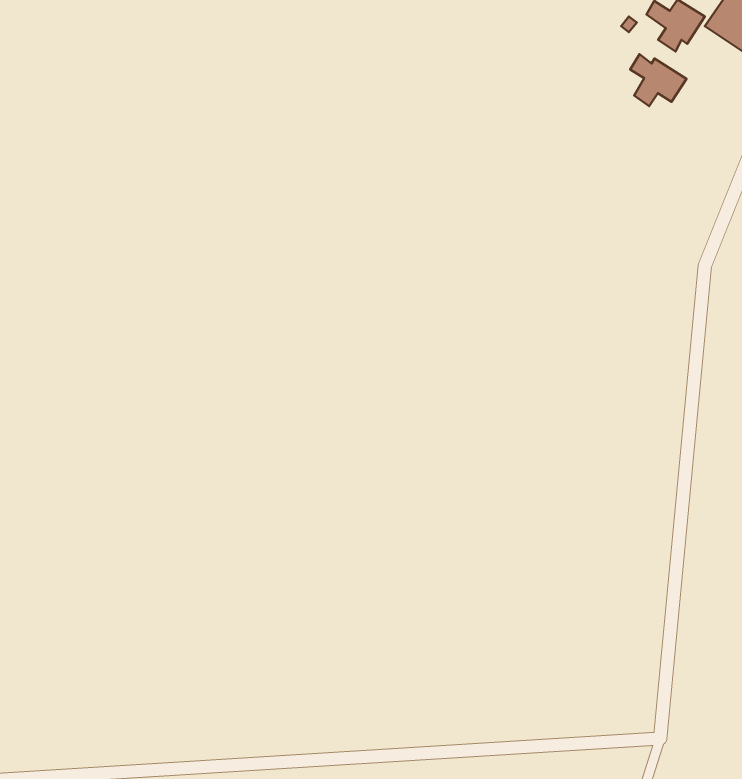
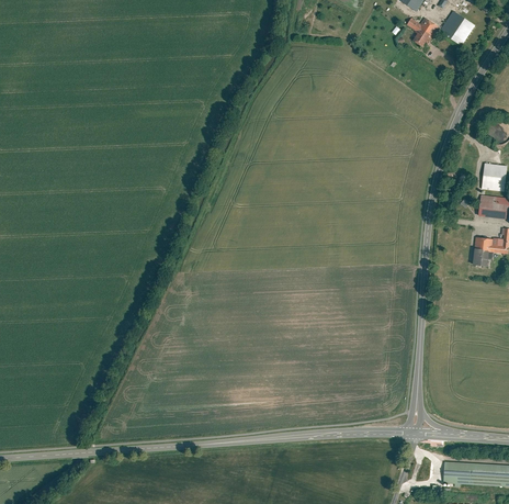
building: [630,54,686,106] -> none

